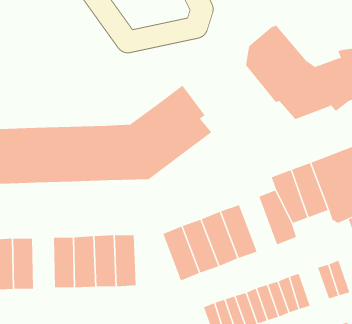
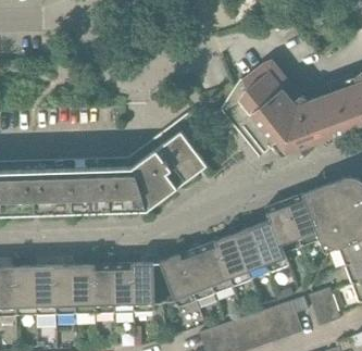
building: none -> [234,226,270,279]
building: none -> [133,262,155,312]
building: none -> [35,265,55,315]

